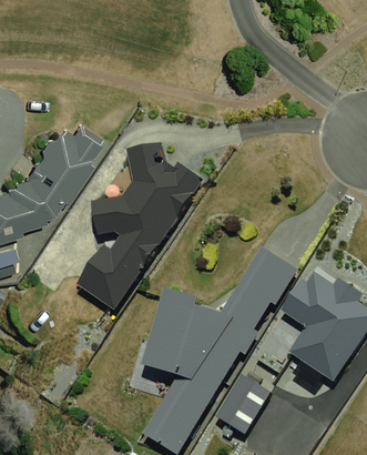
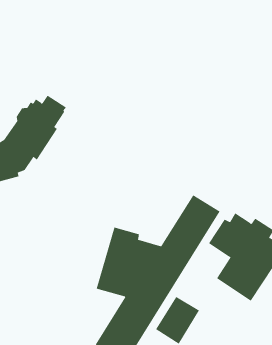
building: [77,141,201,309] -> none

